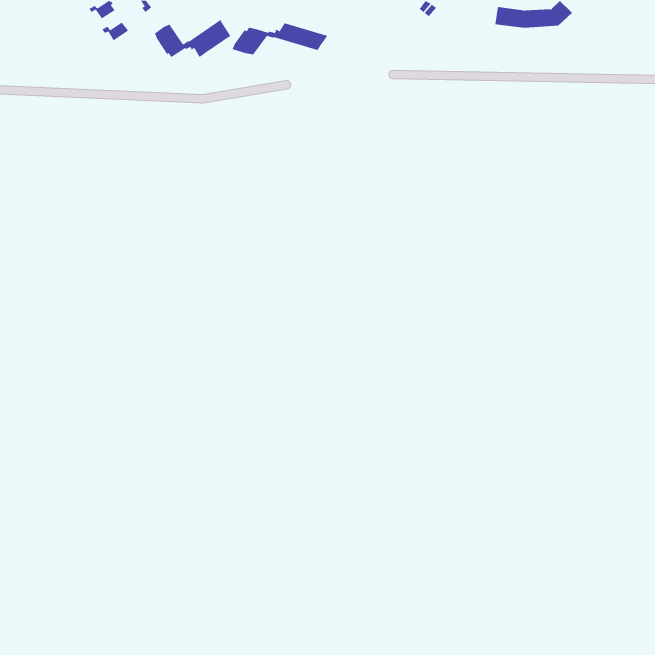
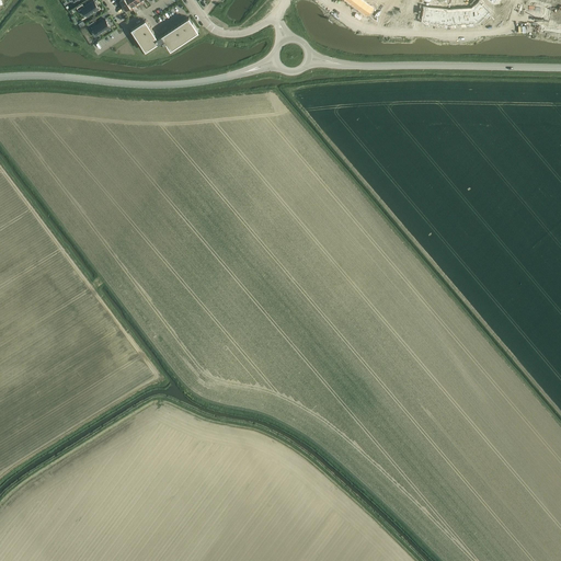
building: [232,22,328,56] -> none

